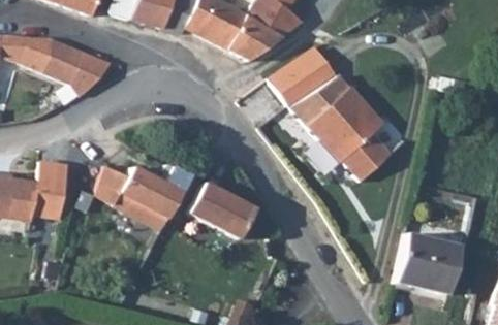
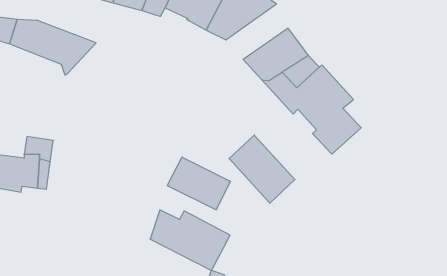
building: none -> [229,135,295,203]
building: [98,166,183,230] -> [150,210,230,270]
building: [398,233,460,294] -> none

